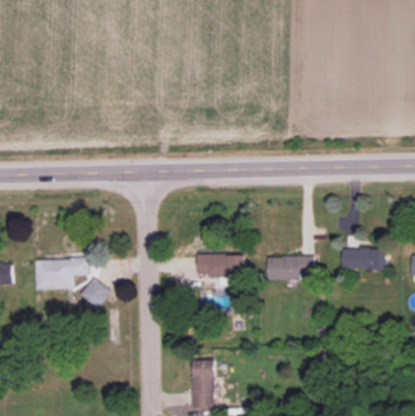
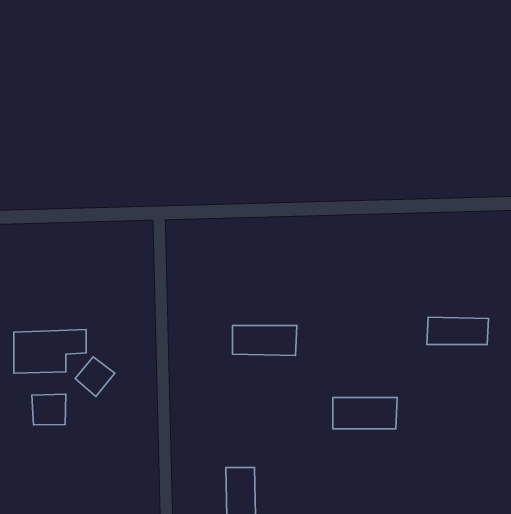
building: [267,257,315,280] -> [333,397,397,429]
building: none -> [32,394,66,425]

